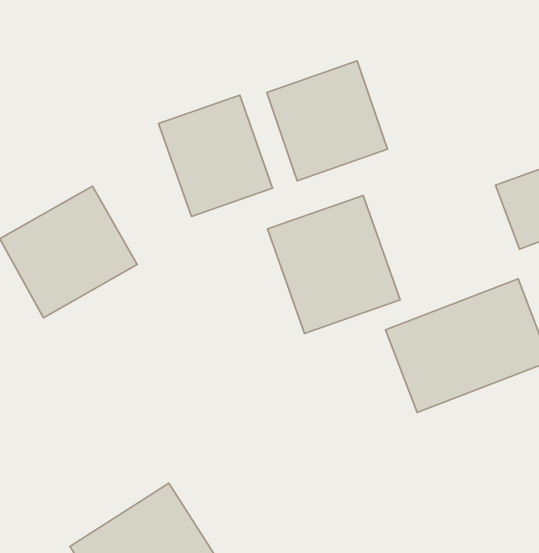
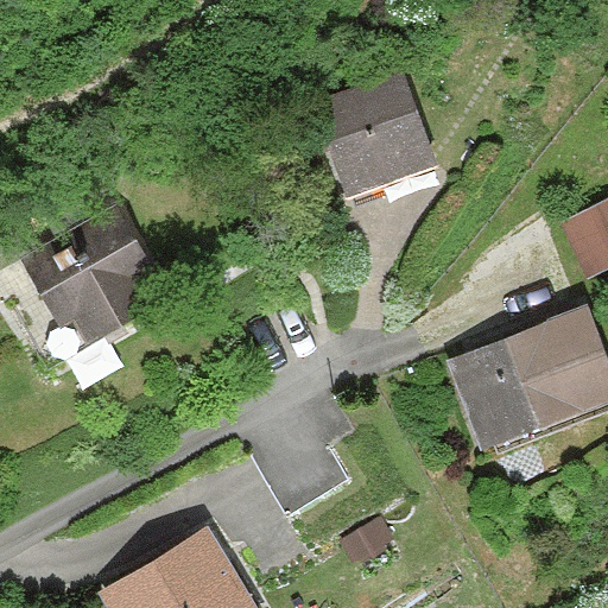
building: [159,95,273,217] -> none
building: [268,195,400,333] -> none

